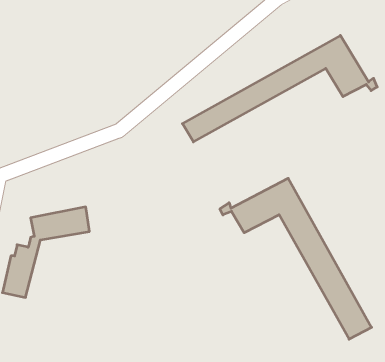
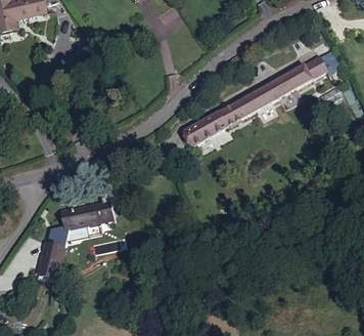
building: [220,178,372,339] -> none

